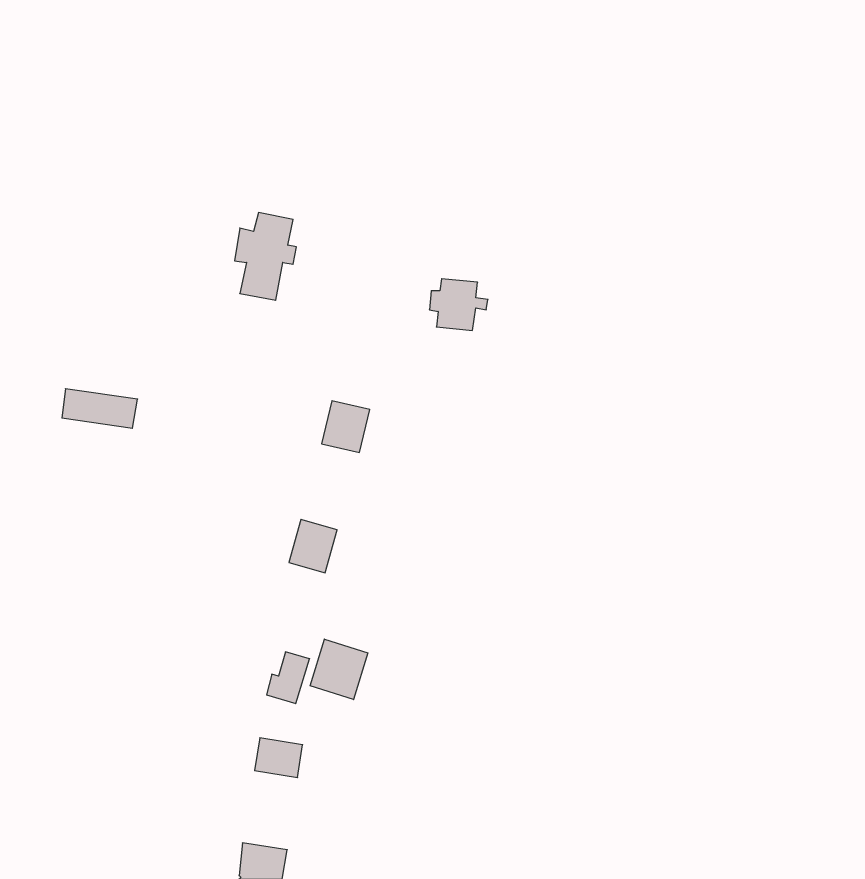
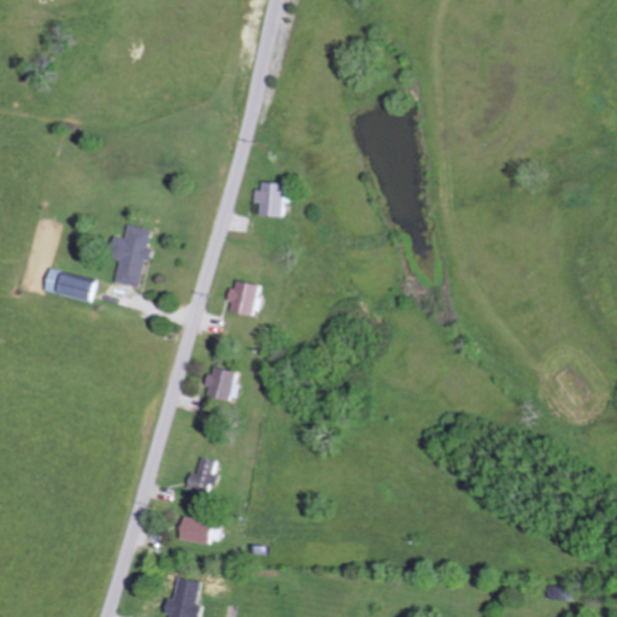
building: [235,213,296,300] -> [110,225,153,287]
building: [429,279,488,330] -> [249,182,290,218]
building: [310,639,368,700] -> none

